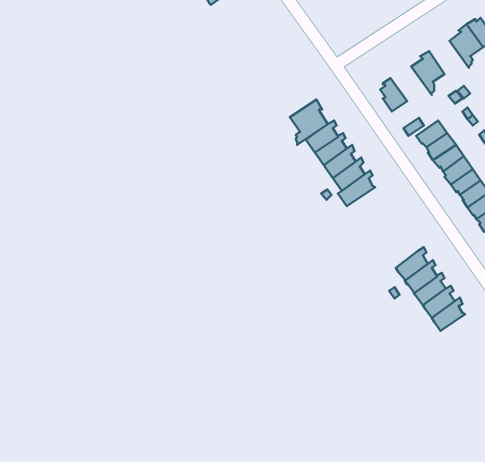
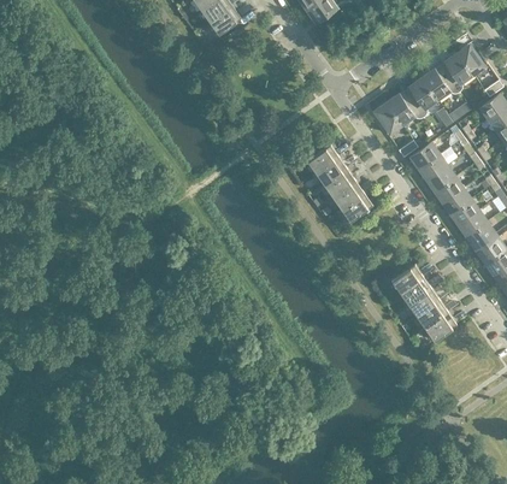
building: none -> [421,67,459,99]
building: none -> [385,92,424,124]
building: [290,99,328,145] -> none

